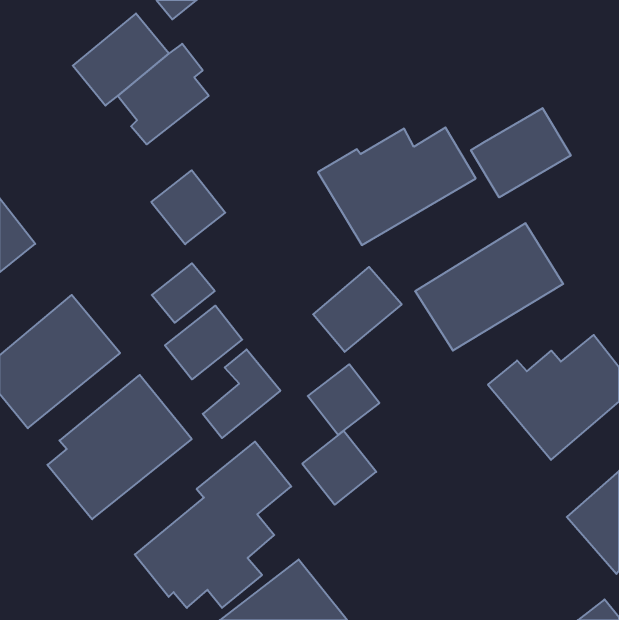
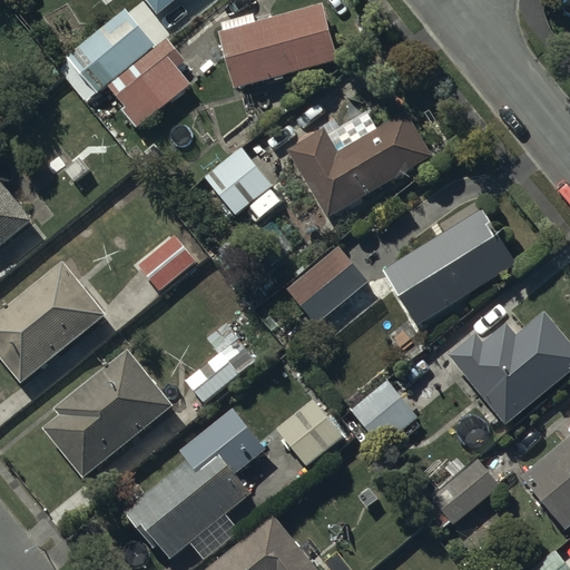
building: none -> [219,7,340,91]
building: [471,108,571,197] -> none
building: [151,170,225,244] -> [207,154,275,222]
building: [165,306,242,379] -> none
building: [308,364,379,435] -> [351,379,416,443]
building: none -> [430,458,499,525]

